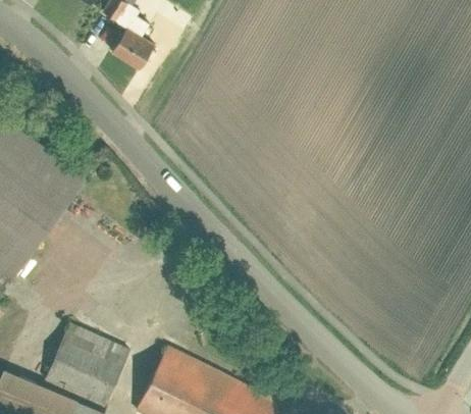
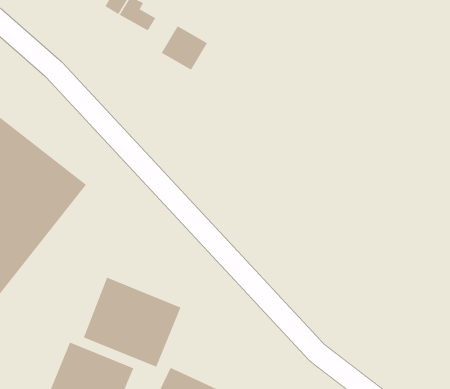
building: [109,29,153,70] -> [161,26,208,71]
building: none -> [83,277,181,367]

